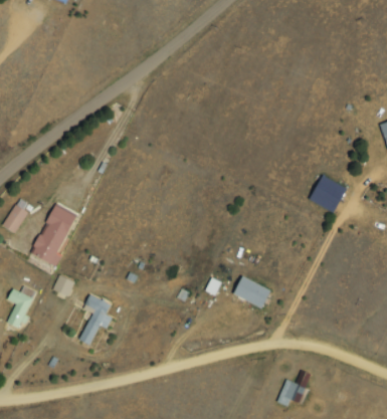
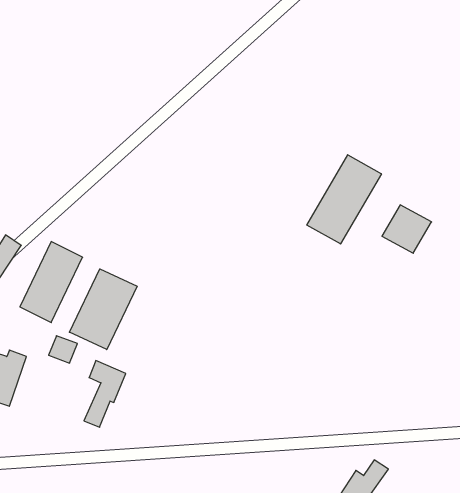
building: none -> [307,155,381,244]
building: none -> [69,269,137,350]
building: [233,276,270,308] -> none

